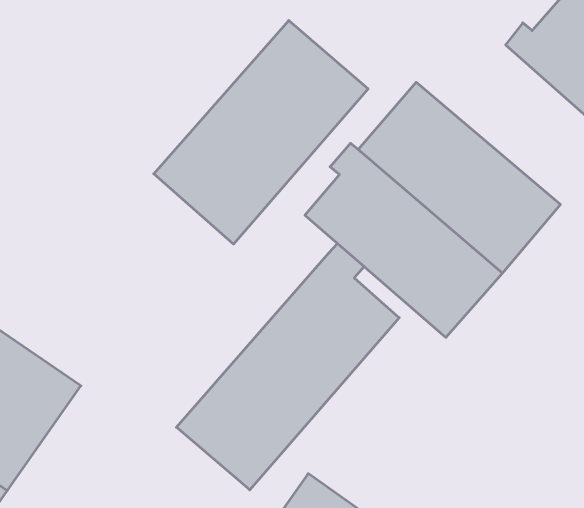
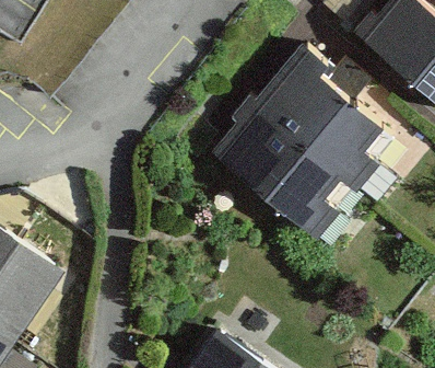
building: [154,20,368,244] -> none
building: [176,244,399,490] -> none

